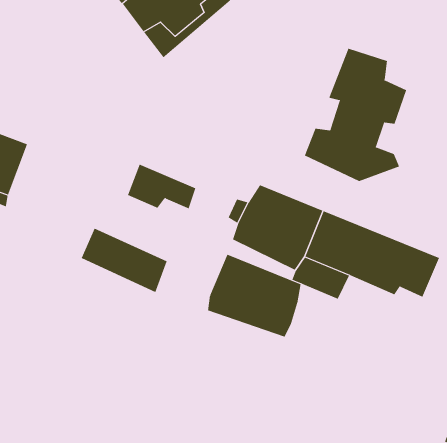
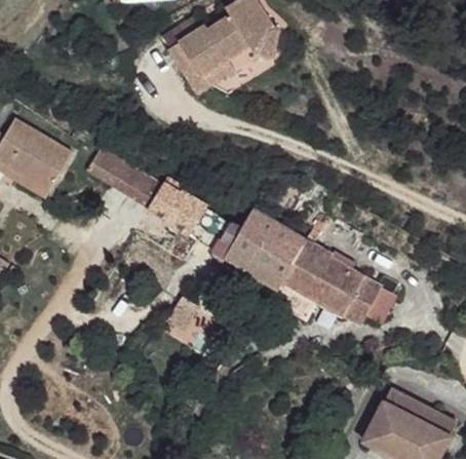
building: [304,48,407,182] -> none
building: [81,228,168,293] -> [87,145,158,205]
building: [208,254,301,337] -> none

